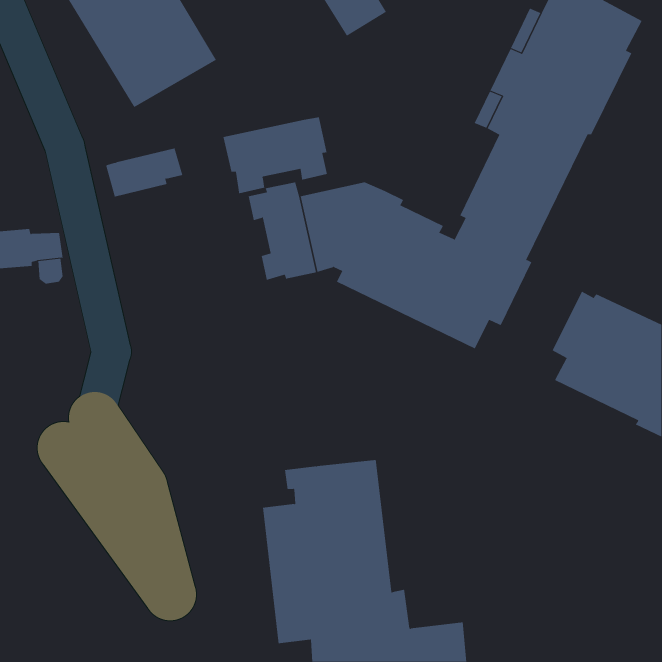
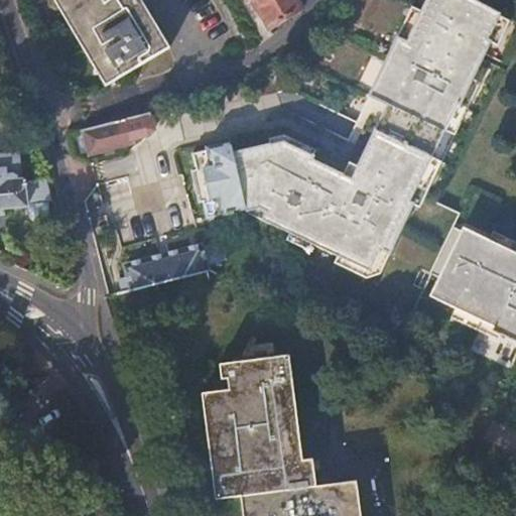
building: [223,117,328,194] -> none
building: none -> [119,245,221,289]

